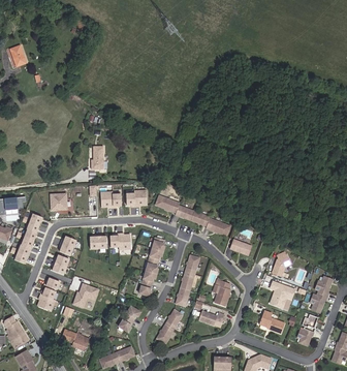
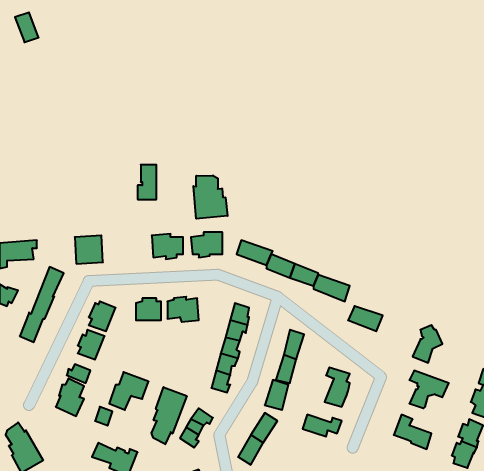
building: none -> [193,175,228,219]
building: none -> [152,387,187,444]

